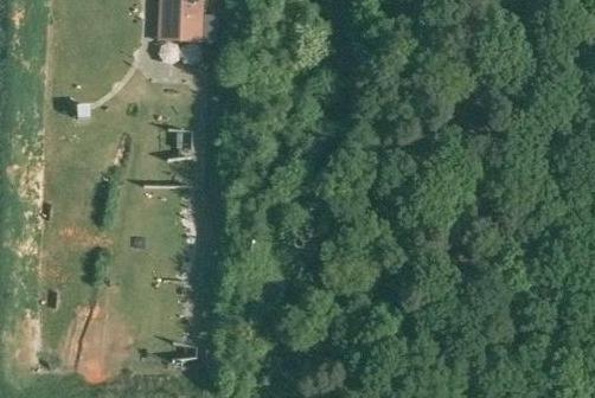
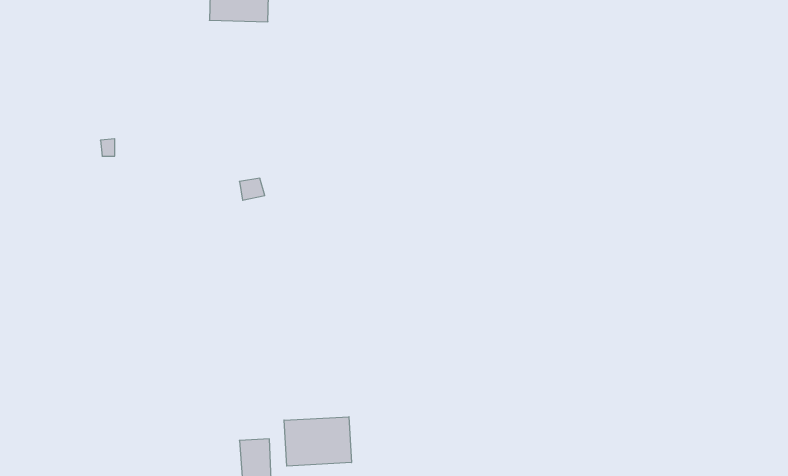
building: none -> [284,417,351,466]

